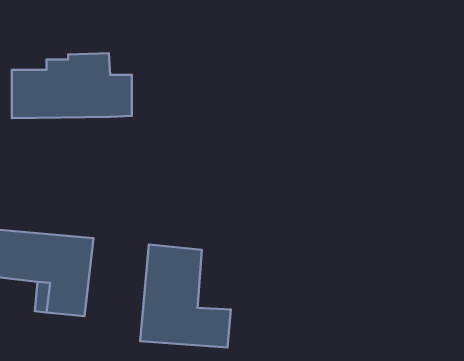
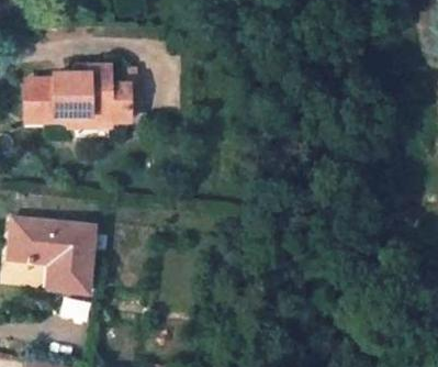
building: [140,245,231,347] -> none

